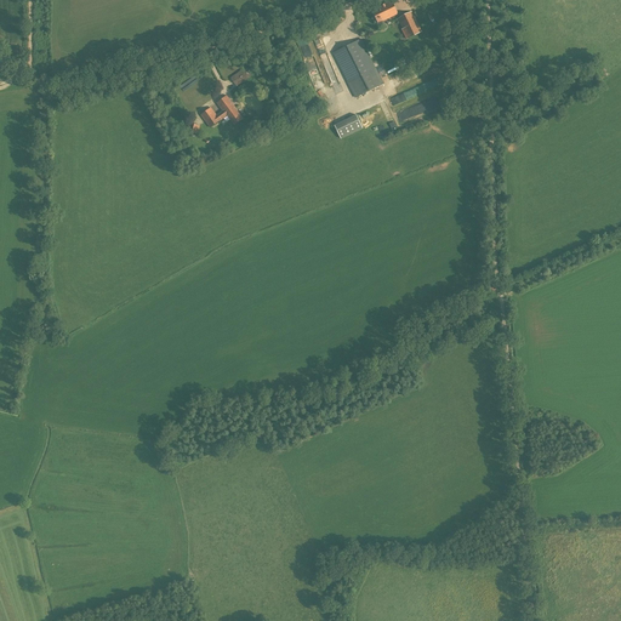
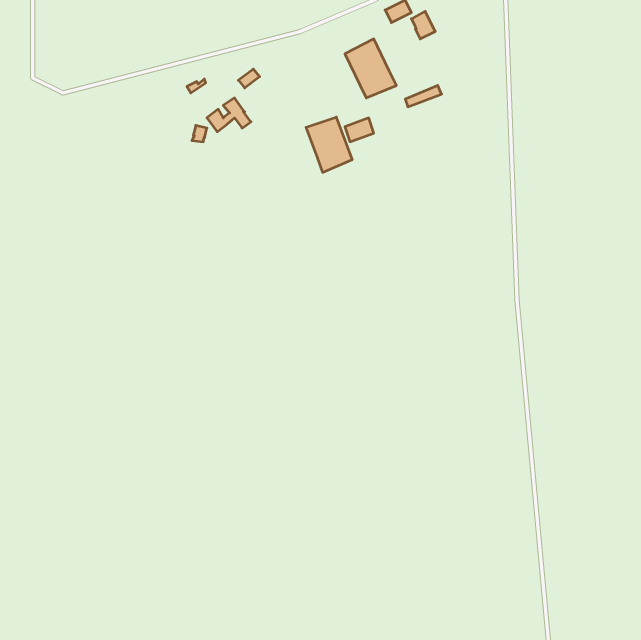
building: none -> [306,117,352,172]

